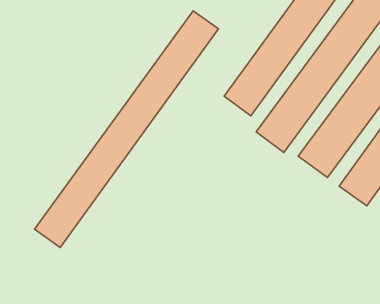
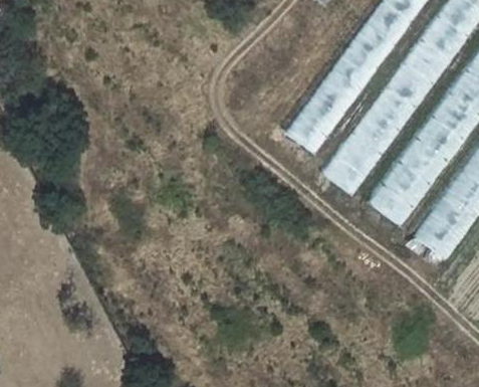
building: [35,11,219,247] -> none

